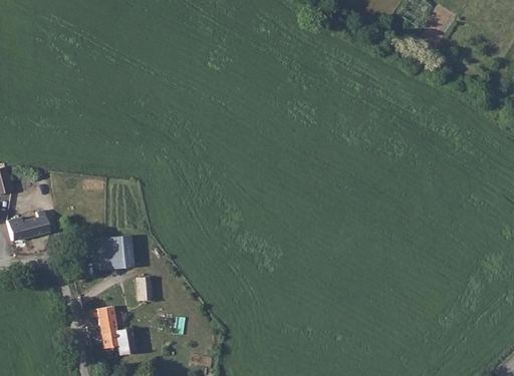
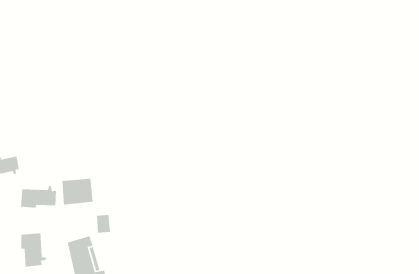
building: none -> [20,185,57,208]
building: none -> [21,232,47,267]

